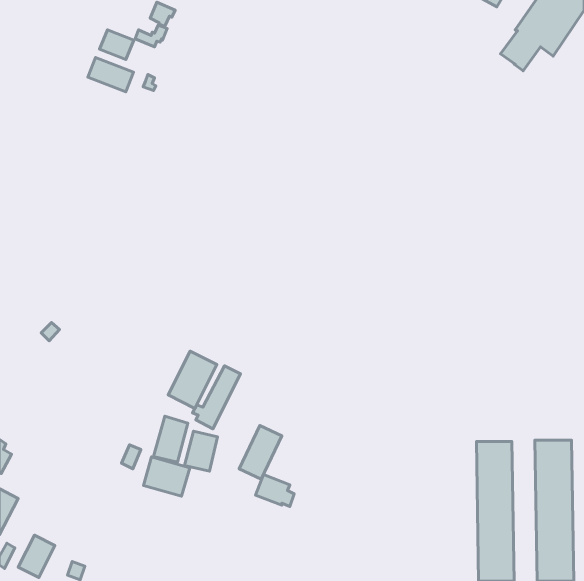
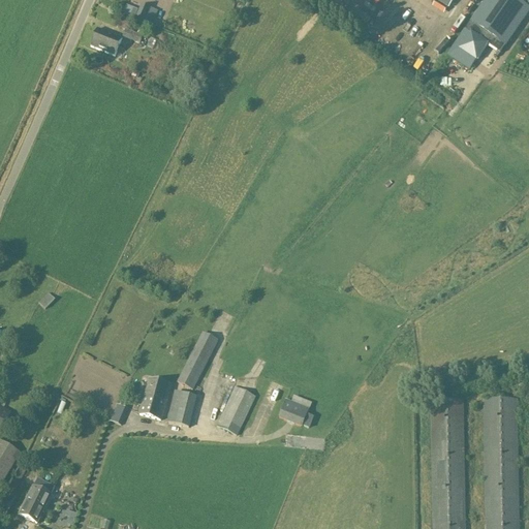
building: [88,57,133,92] -> none
building: [168,351,217,408] -> none
building: [143,457,190,496] -> none
building: [255,474,294,506] -> [278,398,313,427]

